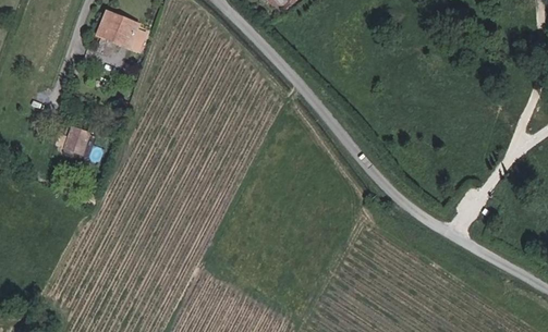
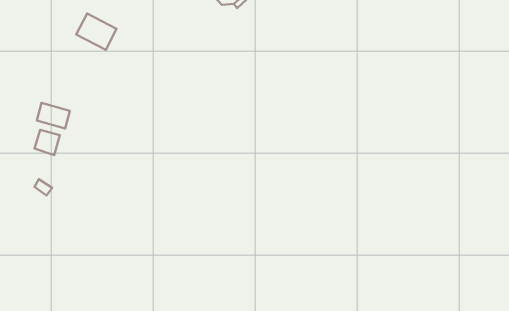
building: none -> [37,103,70,128]

